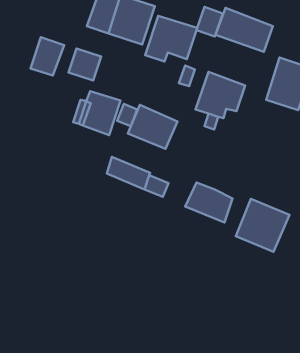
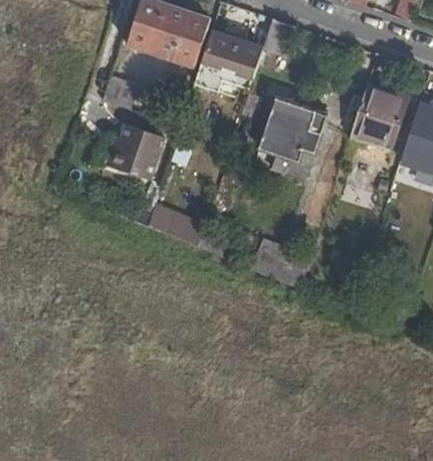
building: [215,8,273,52] -> none
building: [31,37,64,75] -> none
building: [128,105,178,149] -> none
building: [236,199,289,252] -> none

